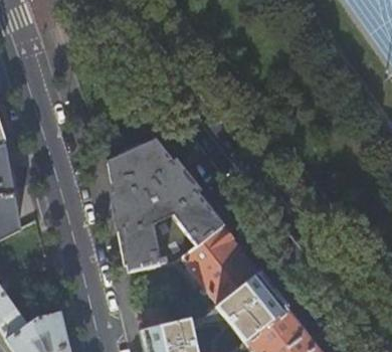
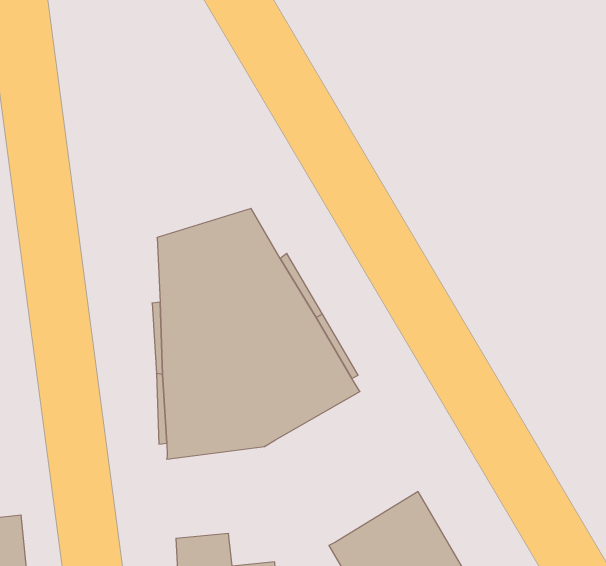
building: [183,226,258,304] -> none

